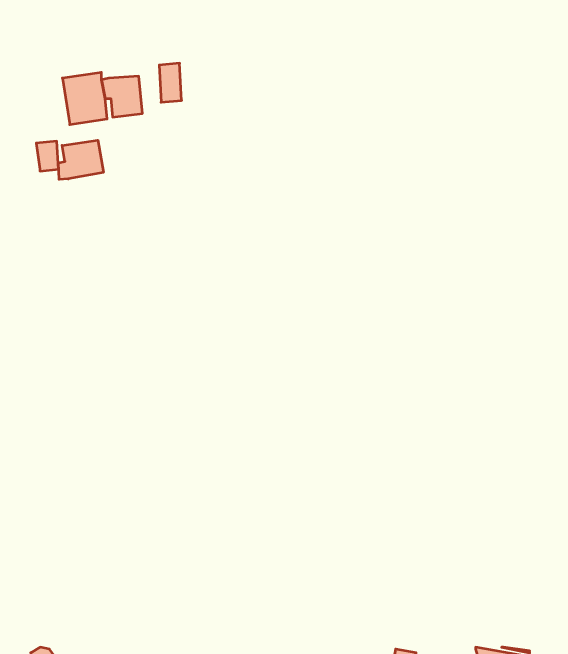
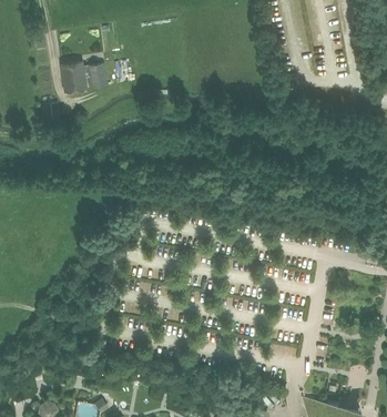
building: [58,140,103,179] -> none

